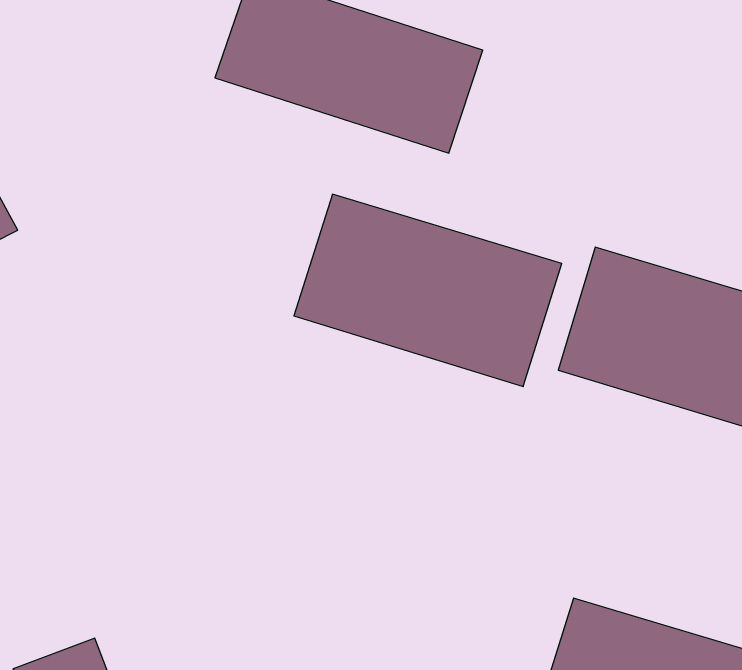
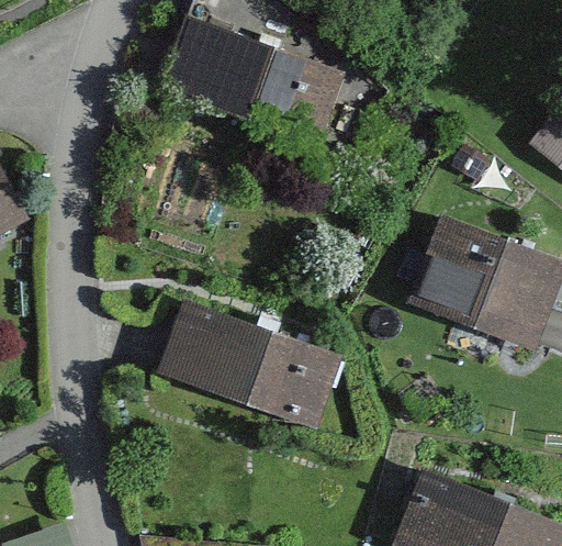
building: [294,194,562,387] -> [160,299,351,436]

